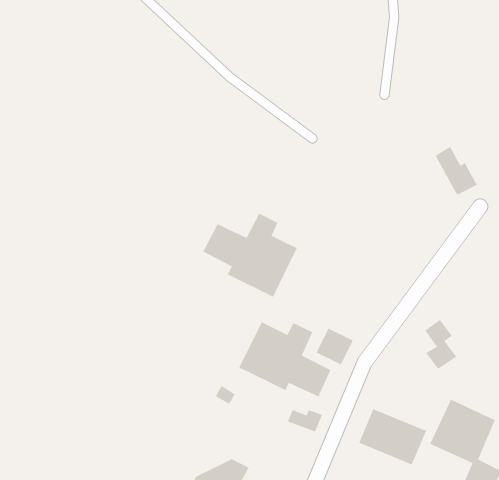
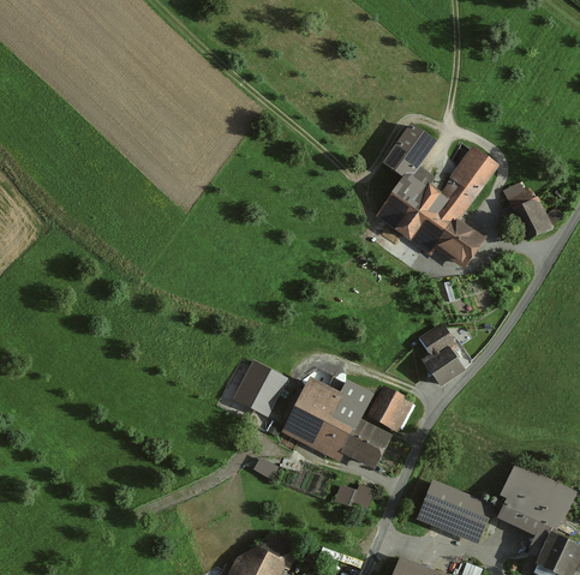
building: none -> [377,127,498,264]
building: [202,213,298,298] -> none
building: none -> [234,363,286,417]
building: [424,319,457,370] -> [424,325,461,383]

